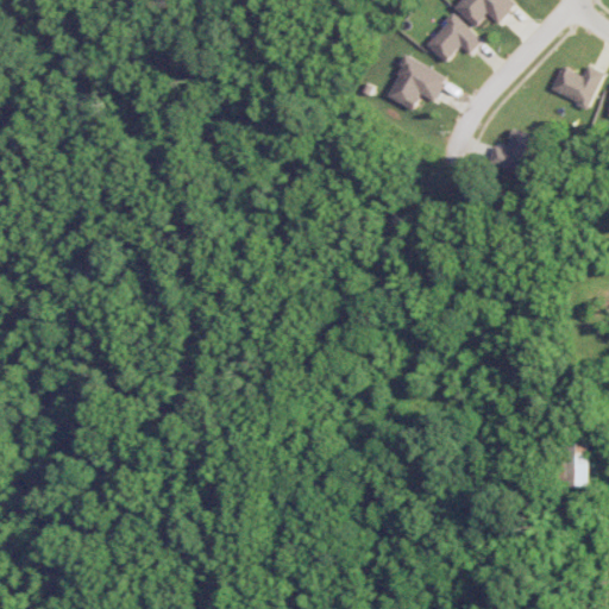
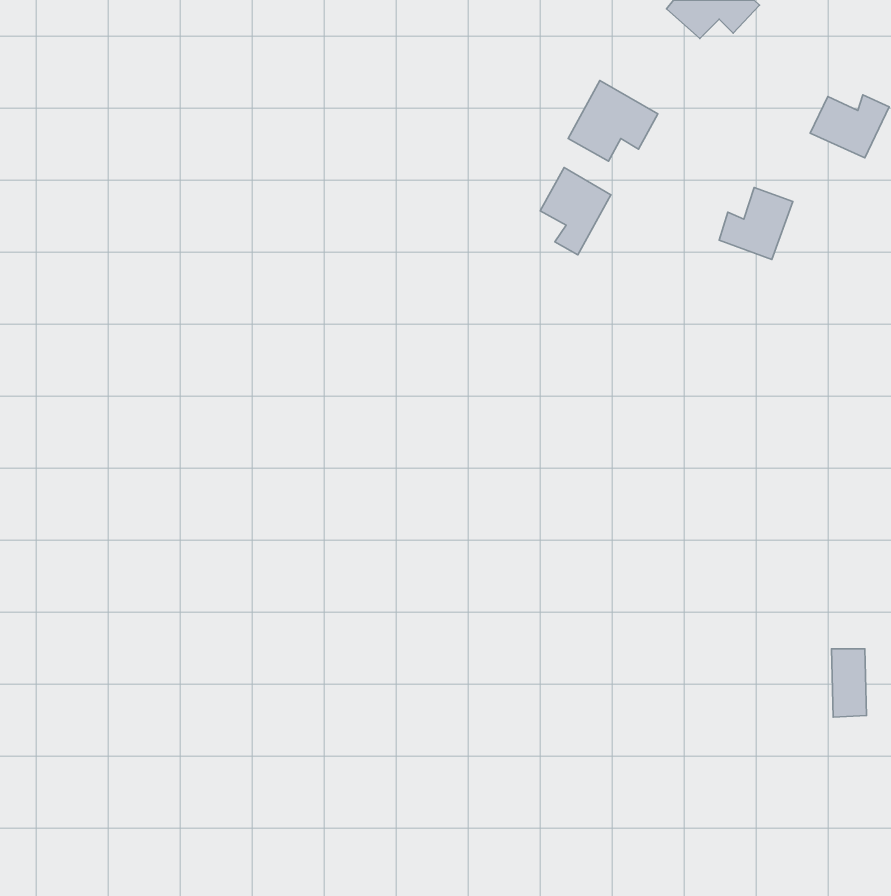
building: [426,14,482,62] -> none
building: none -> [540,168,611,255]

